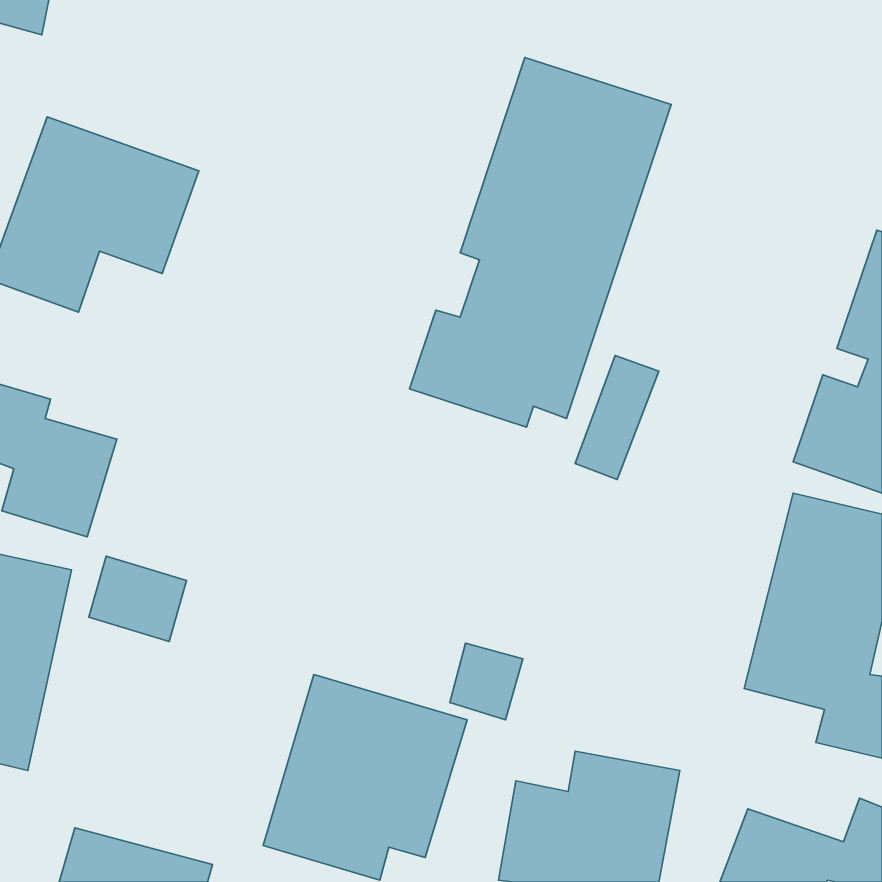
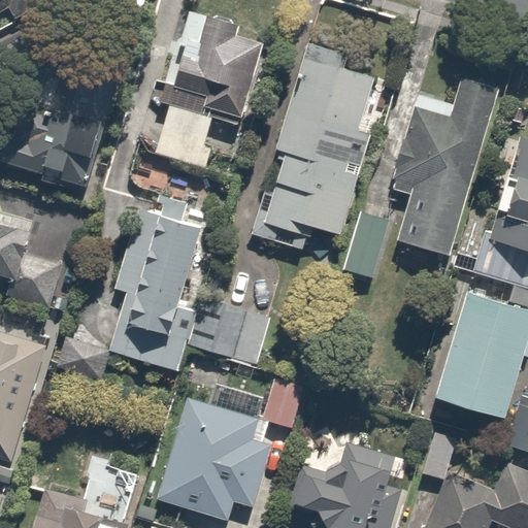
building: none -> [156,4,271,169]
building: none -> [378,81,500,262]
building: none -> [112,208,275,373]

